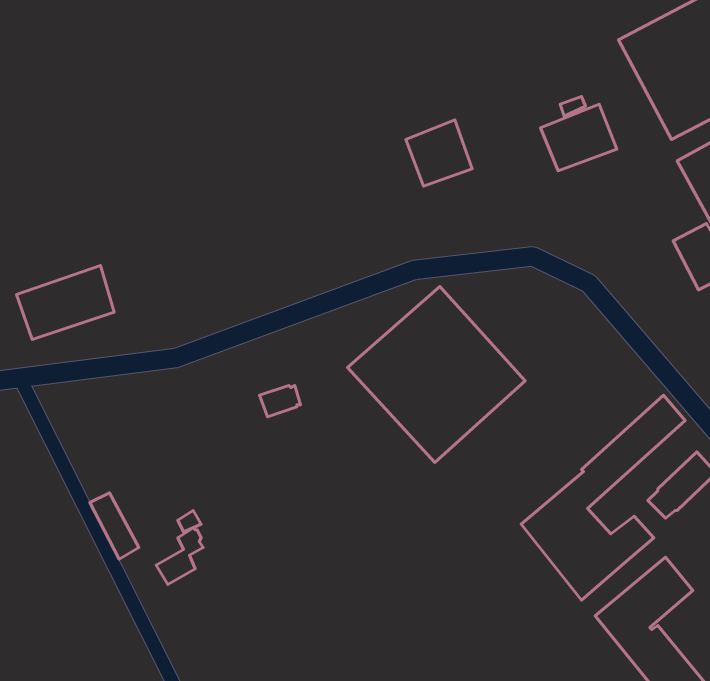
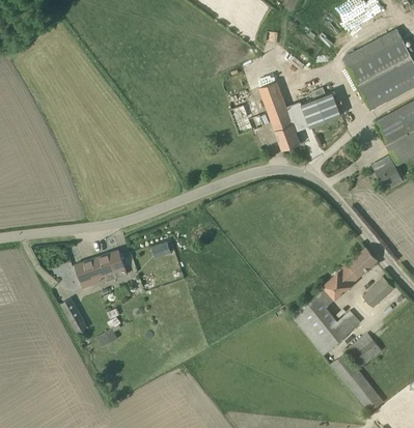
building: none -> [258,82,301,150]
building: [16,265,114,340] -> [74,250,126,289]
building: [347,286,525,463] -> none

